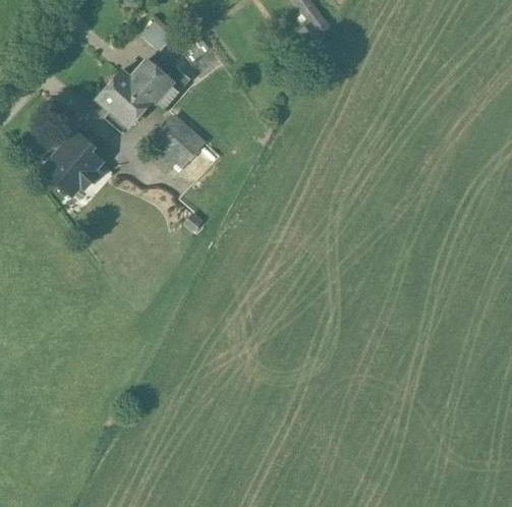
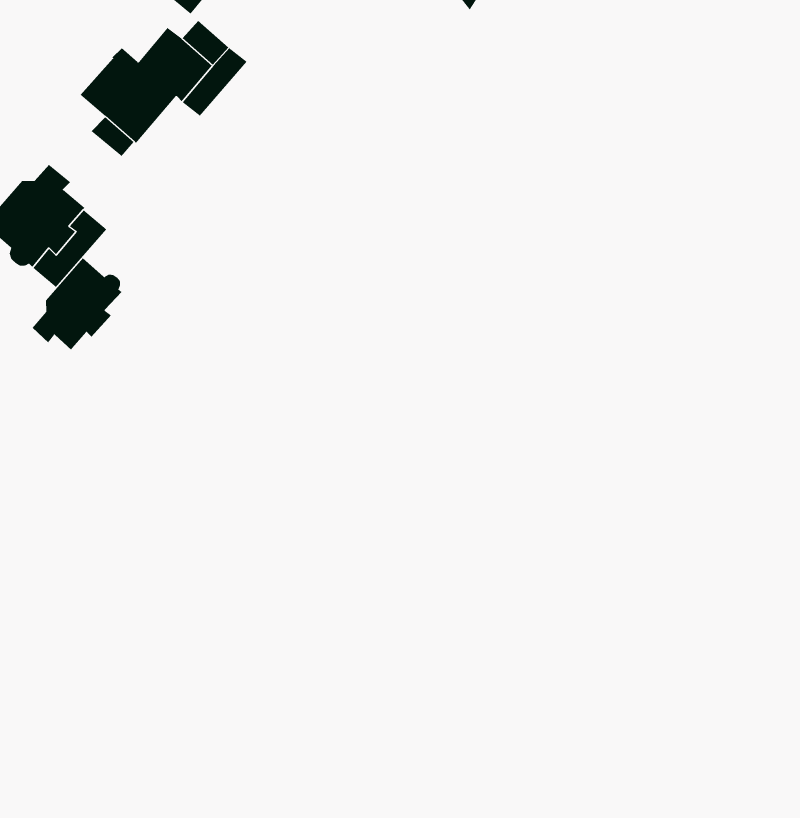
building: [152,114,204,169] -> none
building: none -> [32,258,122,351]

